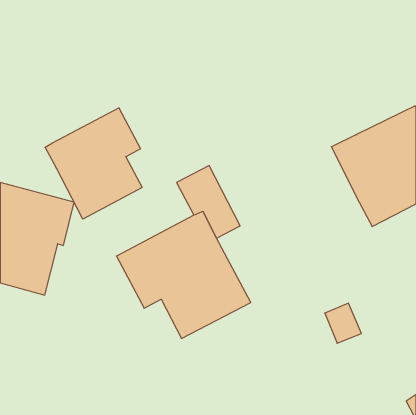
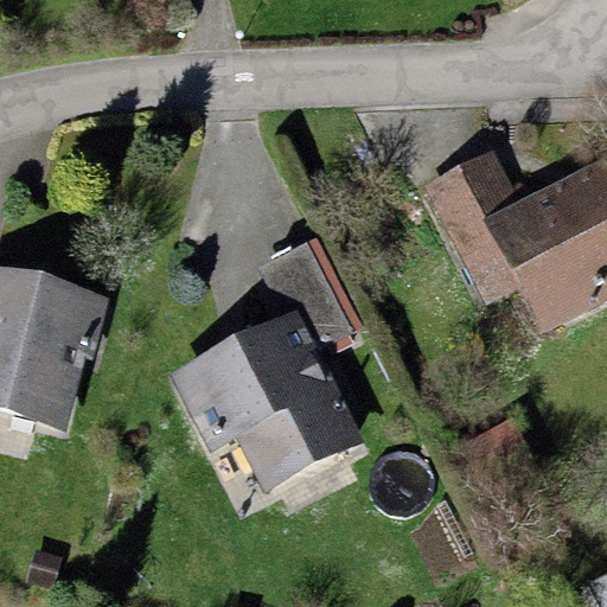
building: none -> [422,147,519,305]
building: [45,108,142,219] -> none

